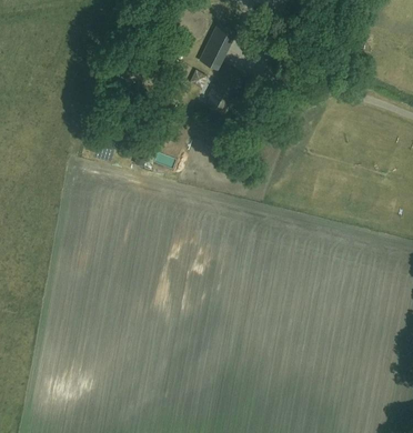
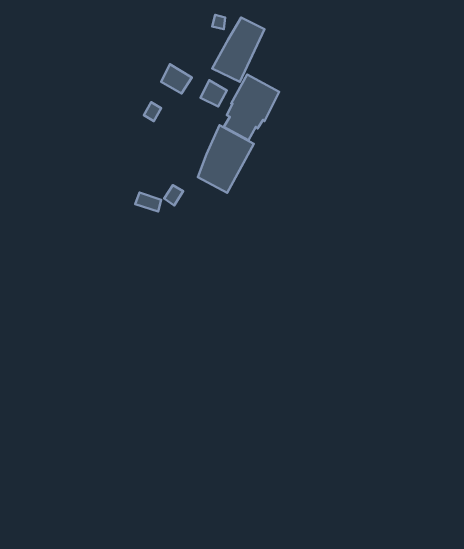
building: none -> [198,125,254,193]

